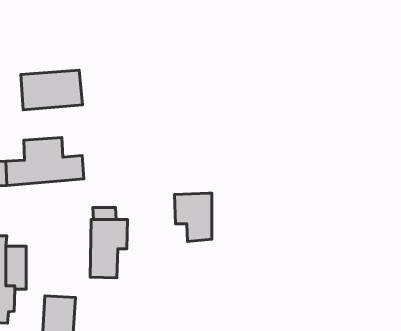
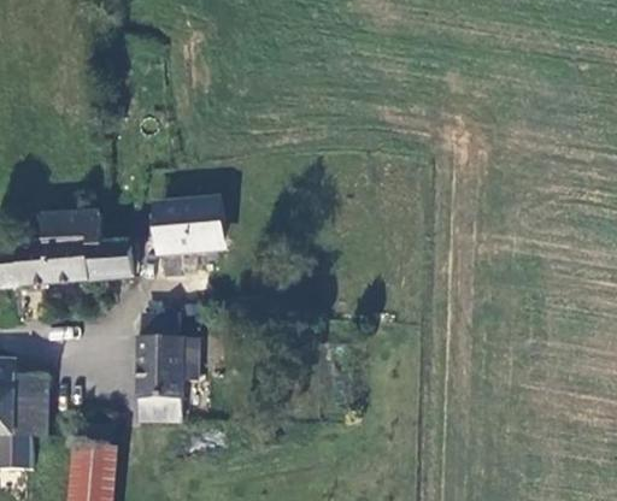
building: [21,70,83,110] -> none
building: [175,193,212,242] -> [158,205,213,277]

